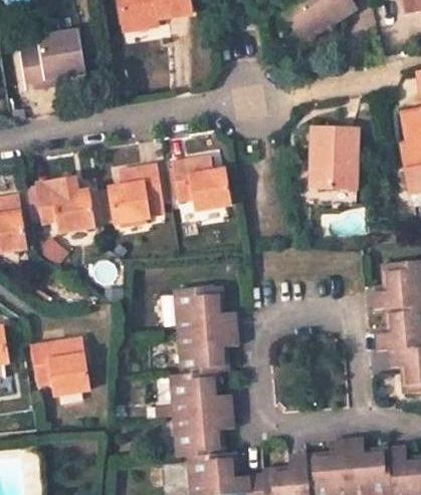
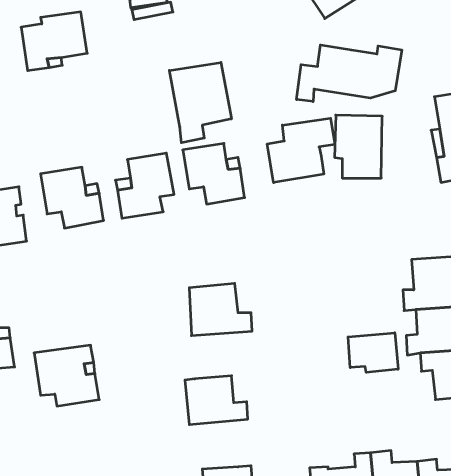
building: none -> [297,45,402,102]
building: none -> [169,62,231,143]
building: none -> [267,118,335,183]
building: [178,329,235,374] -> none
building: none -> [348,333,398,372]
building: [176,411,231,458] -> none

